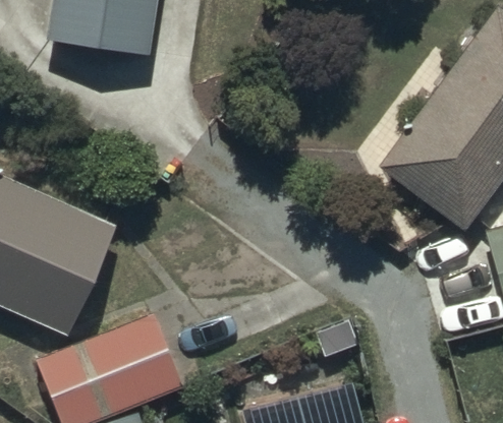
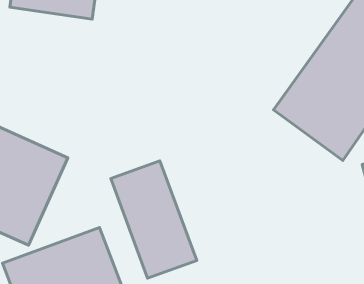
building: none -> [111,161,197,278]

